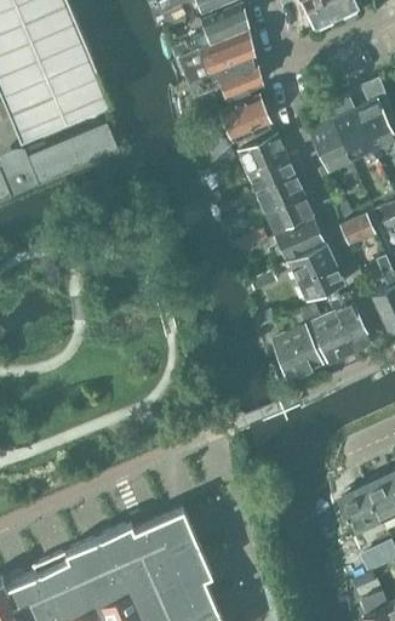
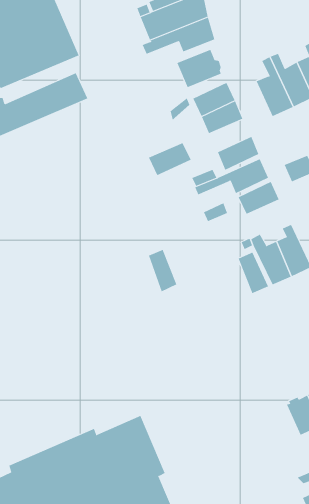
building: [256,175,304,212] -> [148,143,191,176]
building: [298,266,345,303] -> none
building: [271,332,304,381] -> [148,249,177,292]

